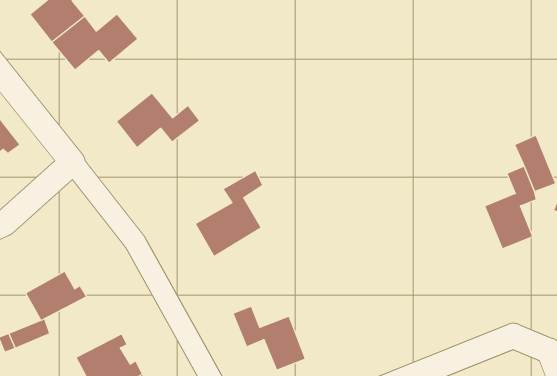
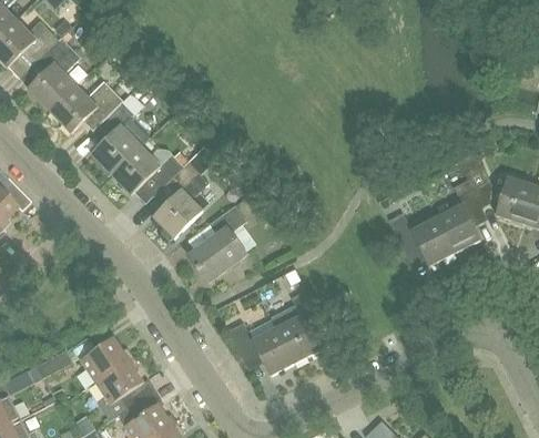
building: none -> [91,103,140,174]
building: none -> [153,162,209,240]
building: none -> [387,213,455,266]
building: [25,271,87,320] -> [80,337,133,381]
building: none -> [276,291,321,364]

